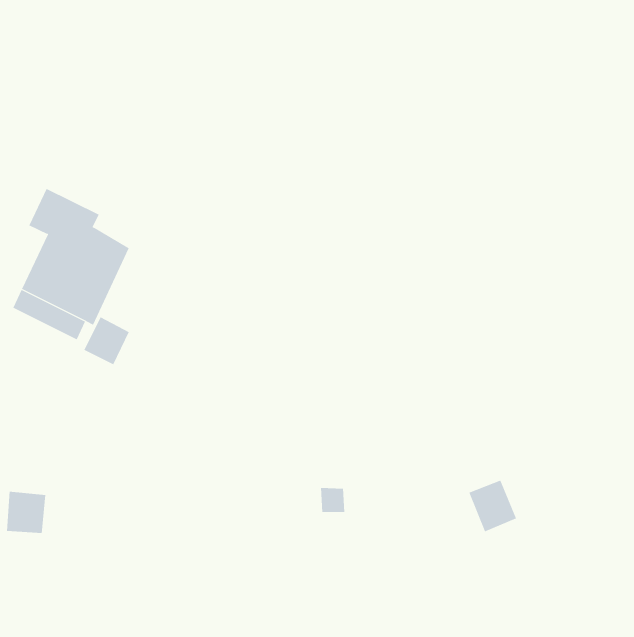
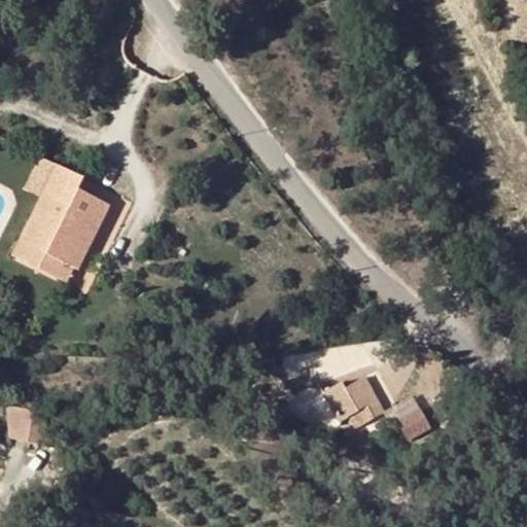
building: [83,317,130,365] -> none
building: none -> [324,384,385,426]

